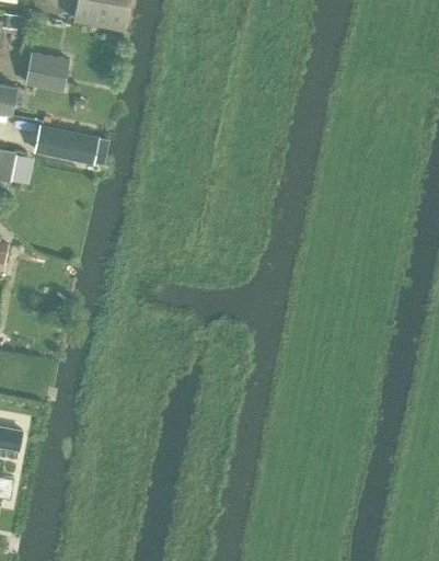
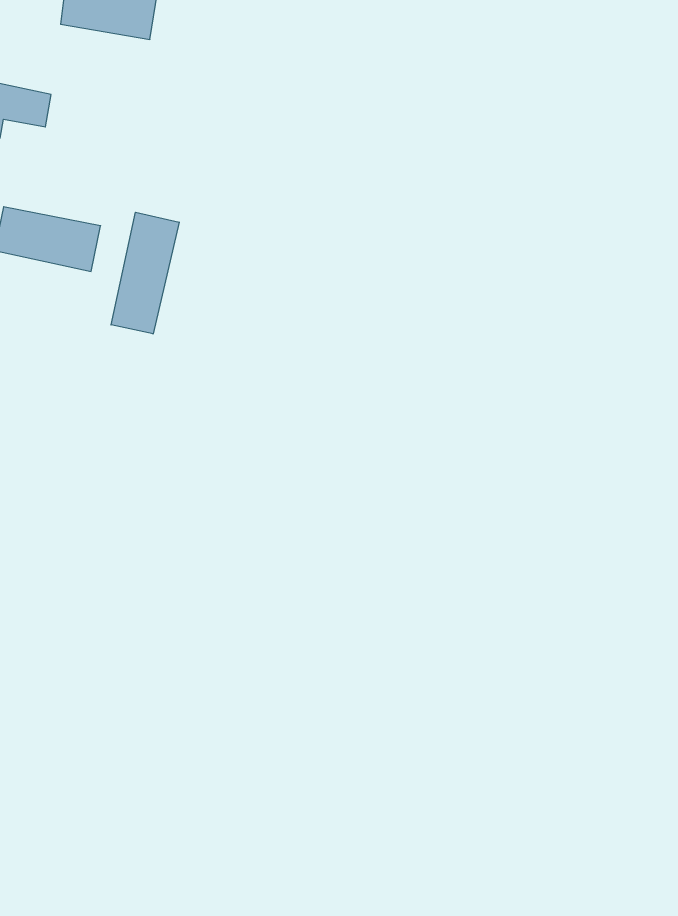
building: none -> [111,212,179,334]

